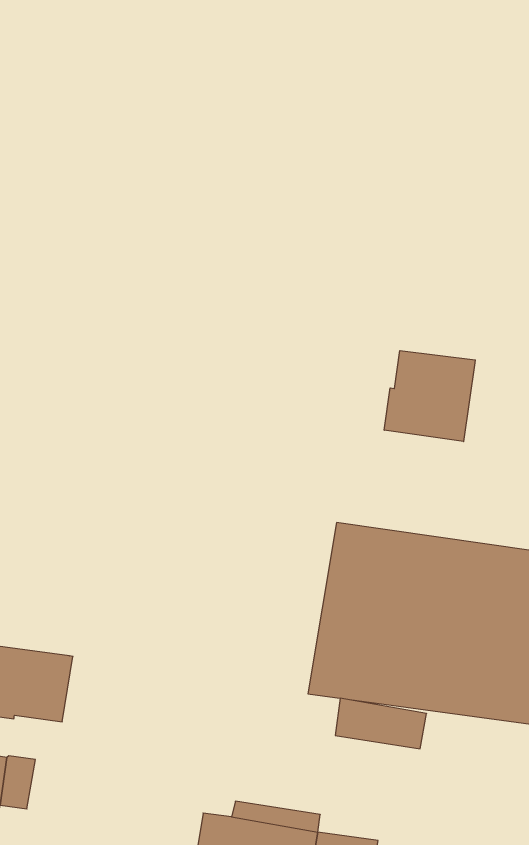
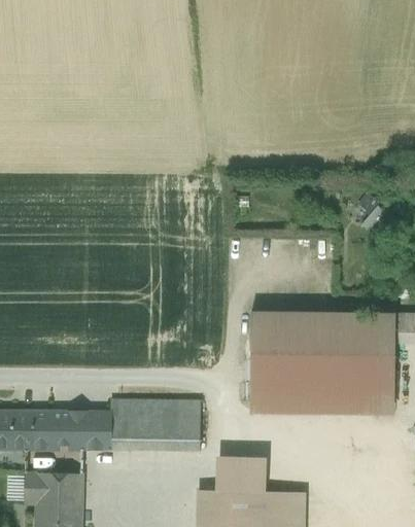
building: [384,351,475,442] -> none
building: none -> [110,398,201,450]
building: [335,698,427,749] -> [216,458,267,481]

